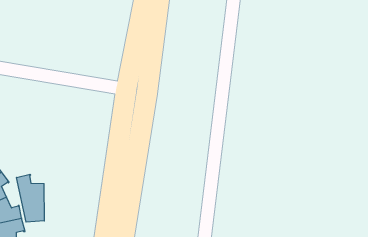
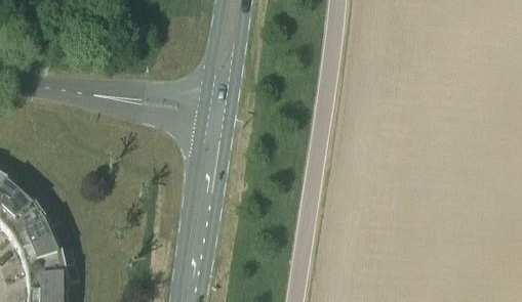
building: [17,174,44,222] -> none

